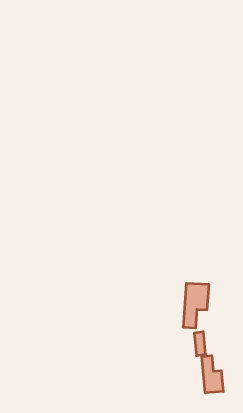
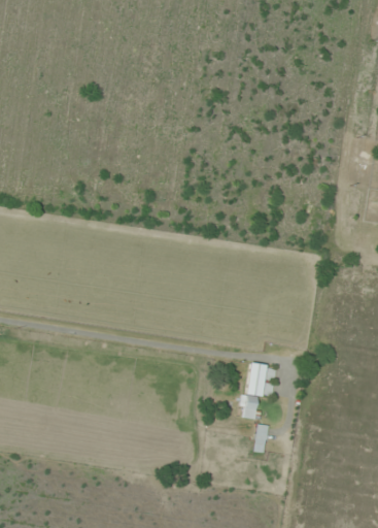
building: [202,356,223,393] -> none

